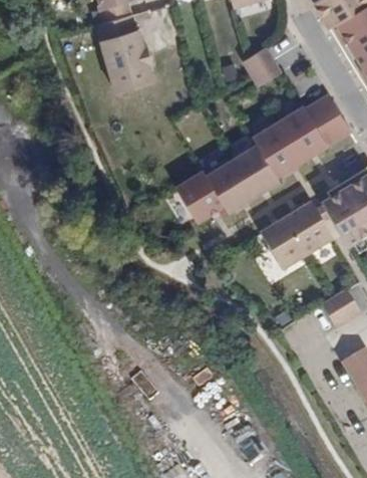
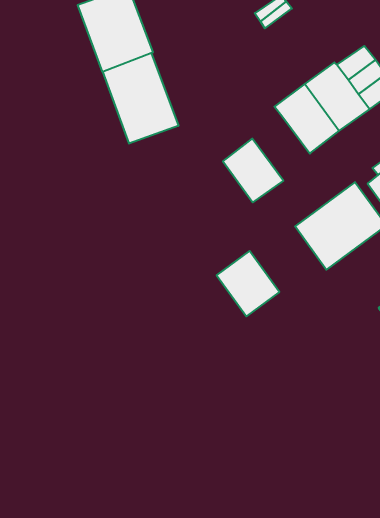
building: none -> [103,53,178,144]
building: [232,145,279,196] -> none
building: [175,171,225,223] -> [217,251,279,316]

